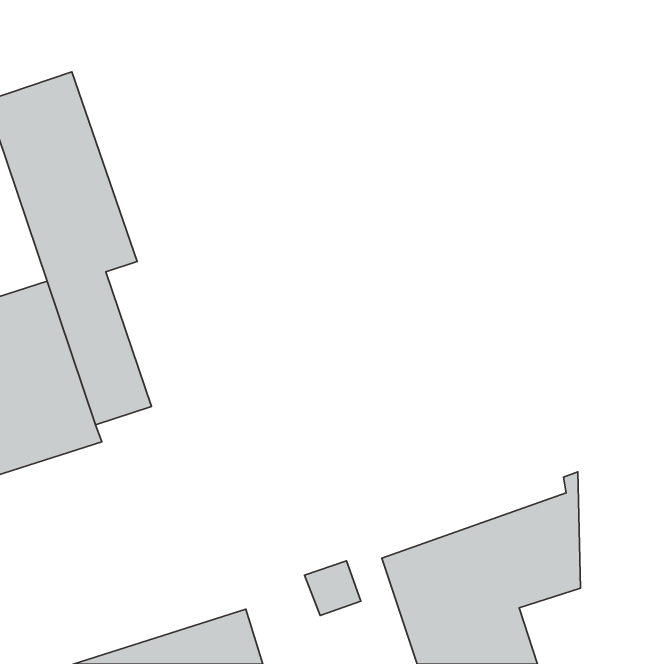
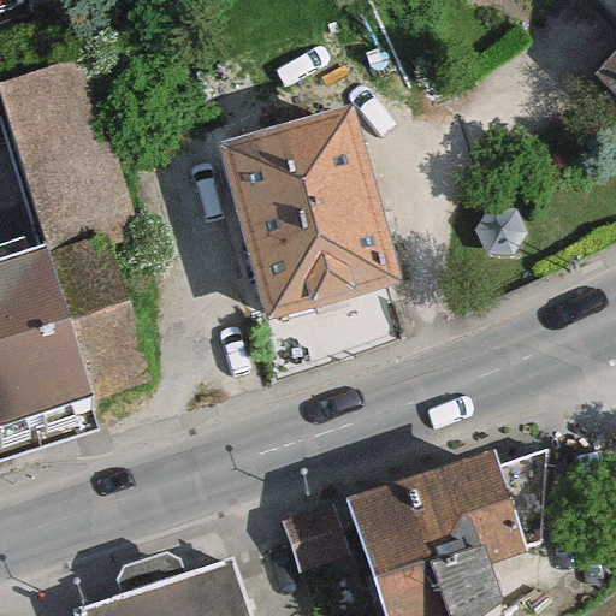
building: none -> [225,122,383,312]

